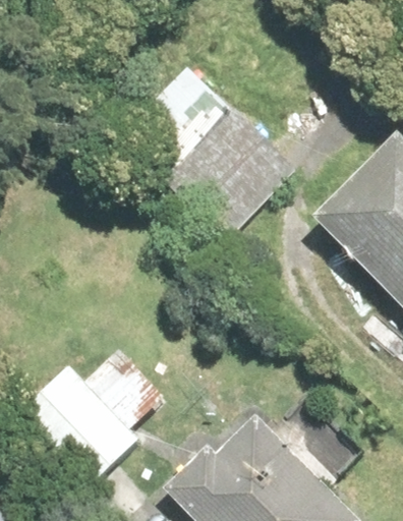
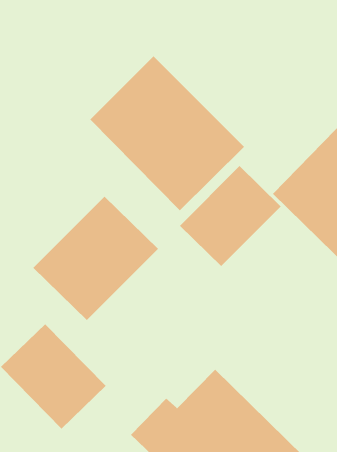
building: none -> [179,165,282,267]
building: none -> [33,196,159,321]

